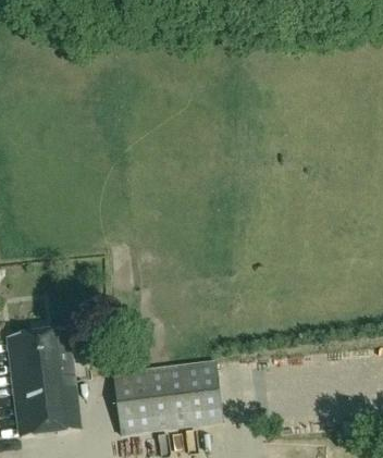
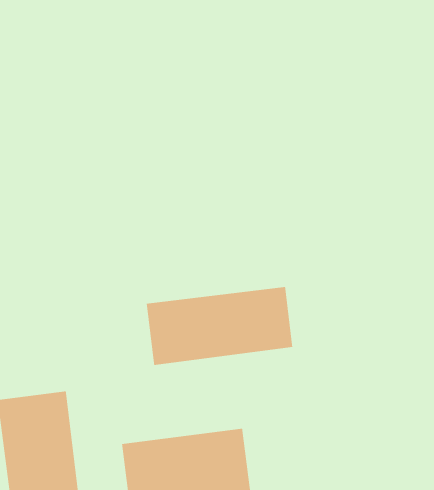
building: none -> [146,286,293,366]

